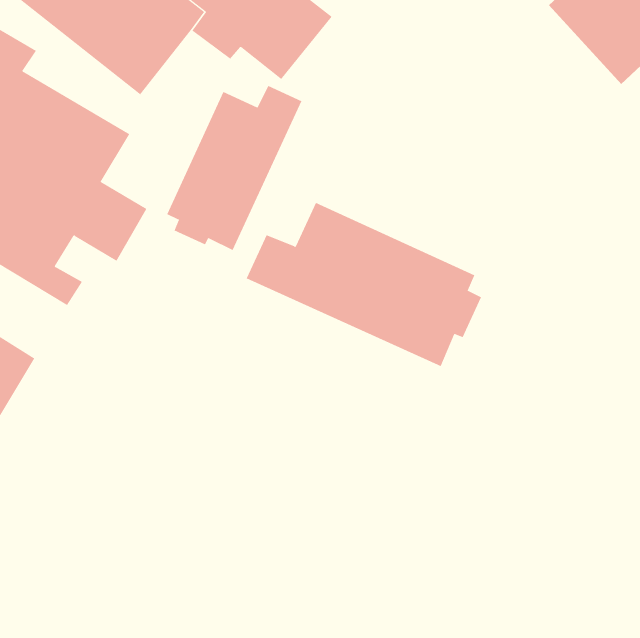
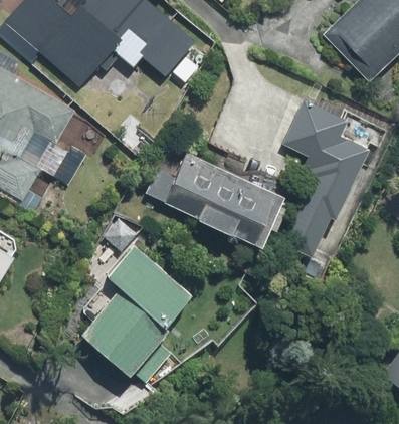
building: [167,85,302,251] -> none
building: none -> [281,99,366,257]
building: none -> [81,244,191,377]

